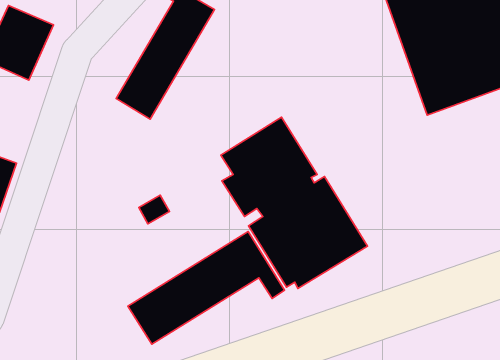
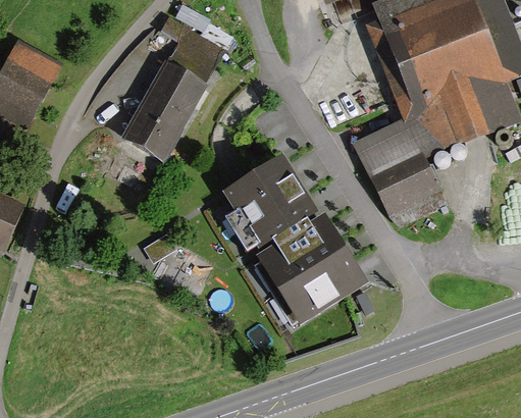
building: none -> [352,113,440,214]
building: [128,232,285,344] -> none

